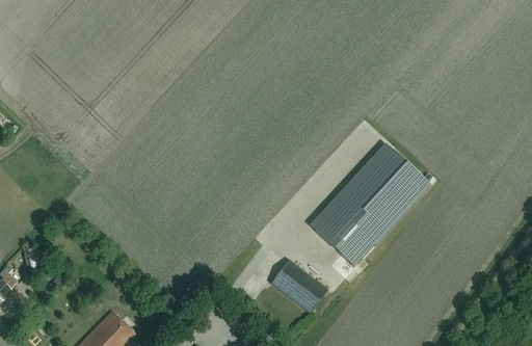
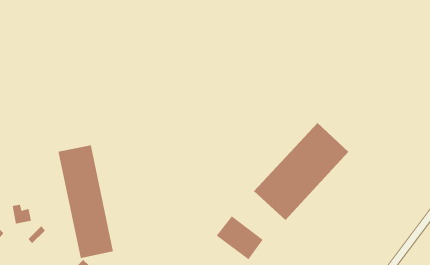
building: none -> [58,144,113,259]

